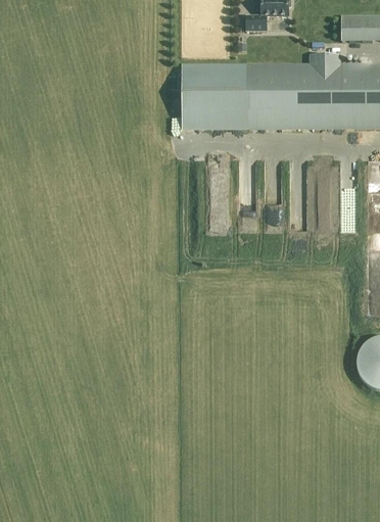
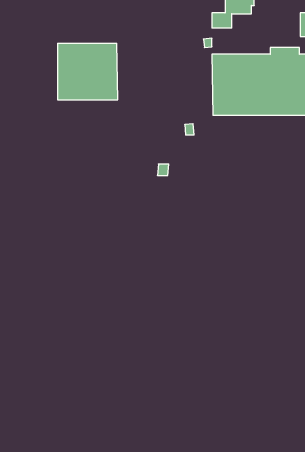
building: [181,65,246,127] -> [58,43,118,100]

